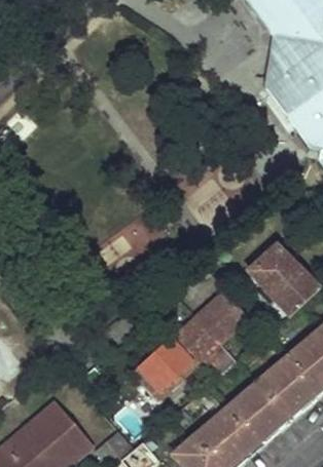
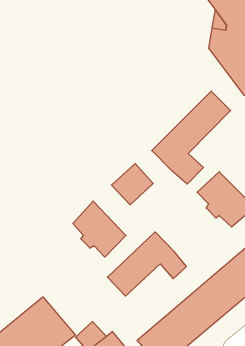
building: none -> [152,91,231,184]
building: none -> [73,201,126,257]
building: [196,291,249,343] -> [111,164,153,205]

